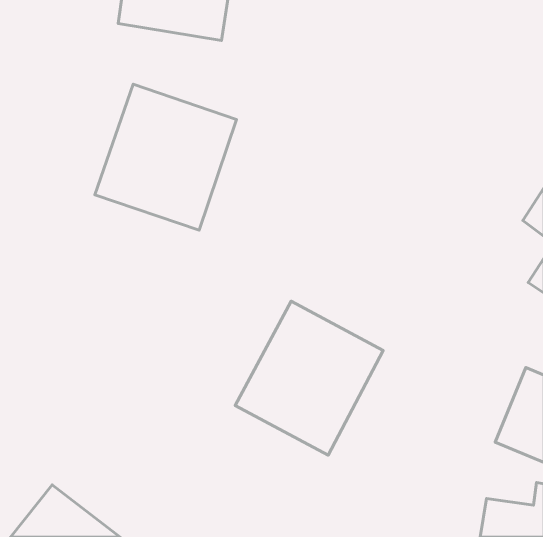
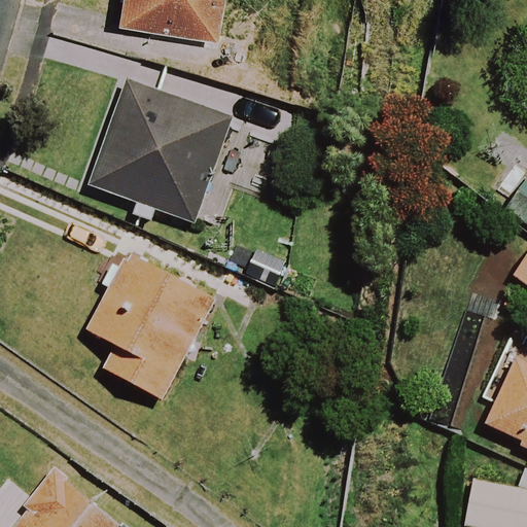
building: none -> [89,253,216,399]
building: [235,301,383,455] -> none

